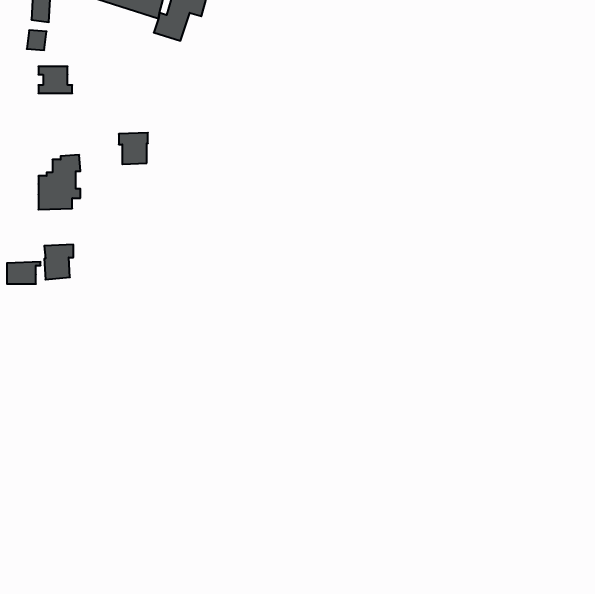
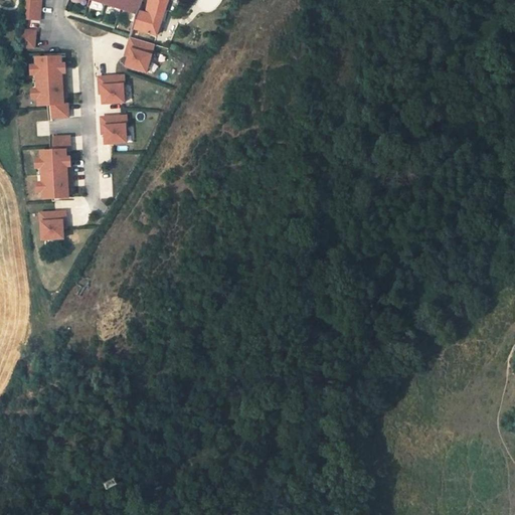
building: none -> [126,36,153,69]
building: none -> [101,73,126,101]
building: none -> [33,80,62,119]
building: [7,262,41,284] -> [33,180,62,199]

